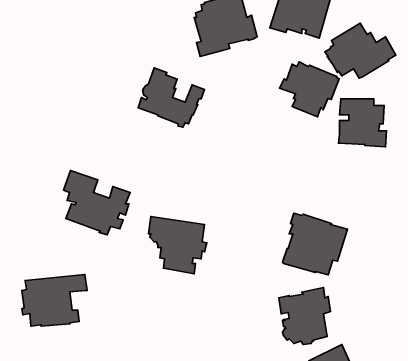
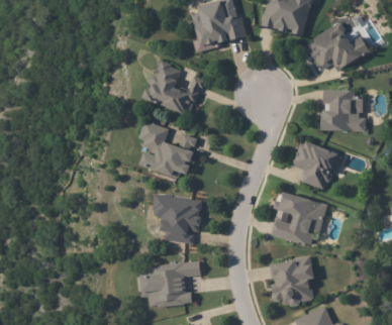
building: [280,62,339,117] -> [290,141,342,190]
building: [64,171,130,235] -> [138,122,197,179]
building: [22,275,87,326] -> [142,261,200,307]

